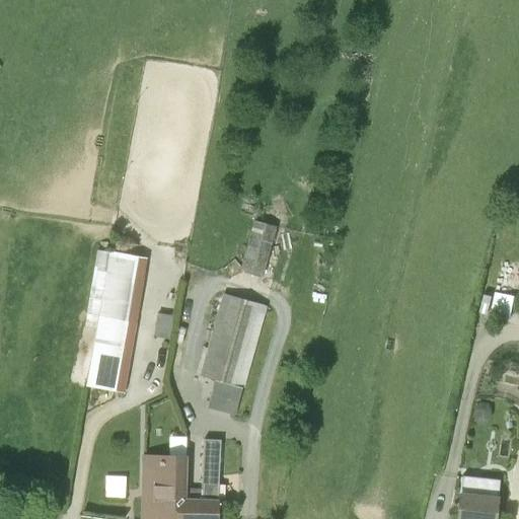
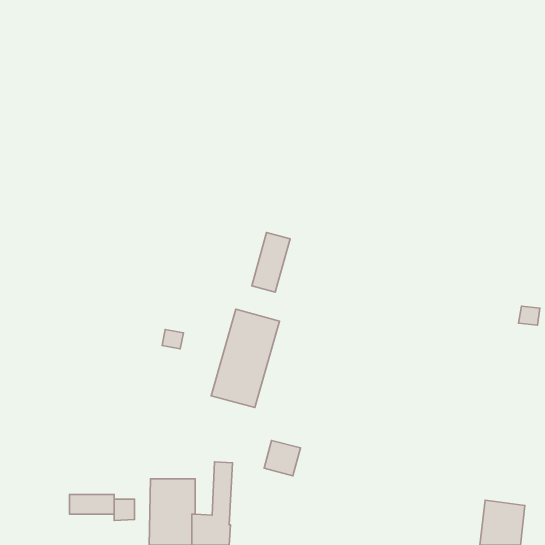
building: [86,251,146,391] -> none
building: [208,380,242,414] -> [264,441,300,476]
building: none -> [69,495,114,514]

